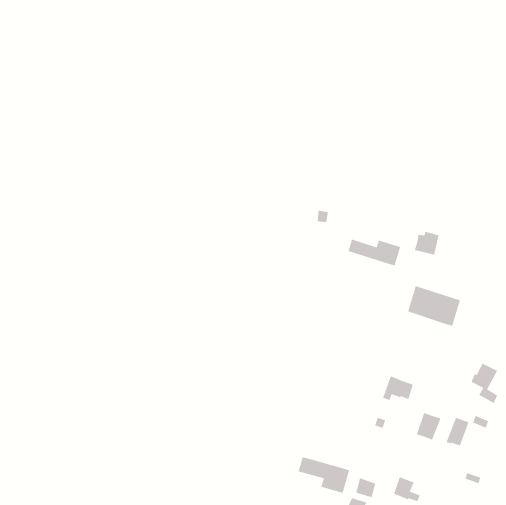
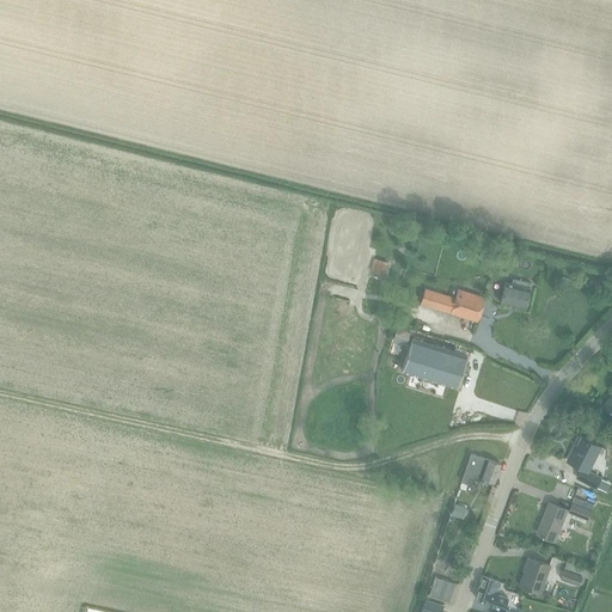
building: [407,285,461,327] -> [402,338,466,388]
building: [416,412,441,441] -> [519,559,550,594]
building: [298,456,350,494] -> none

